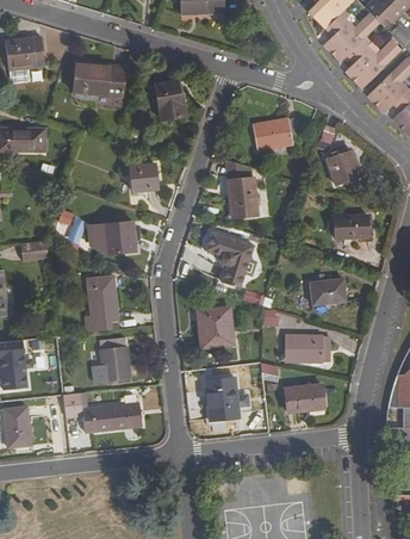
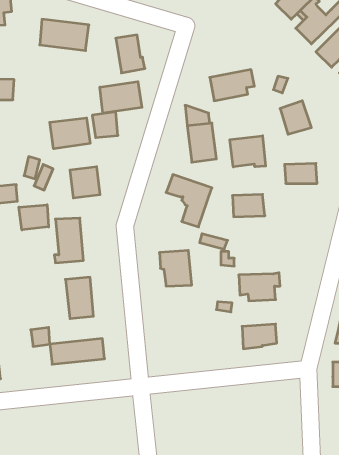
building: none -> [100,82,142,113]
building: none -> [50,118,90,149]
building: none -> [230,136,266,167]
building: none -> [19,205,49,230]
building: [311,280,346,304] -> [232,194,265,217]
building: [206,379,238,422] -> none

